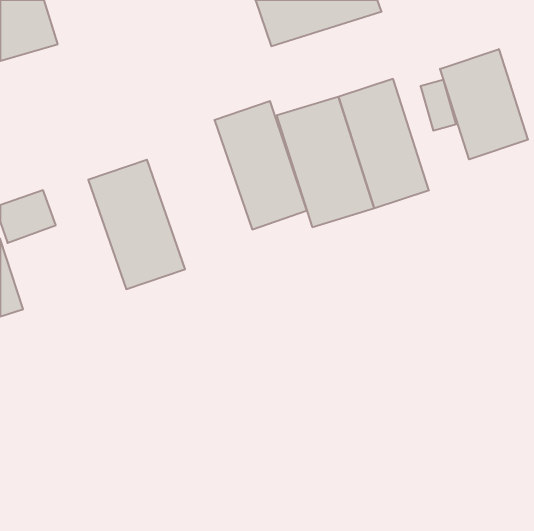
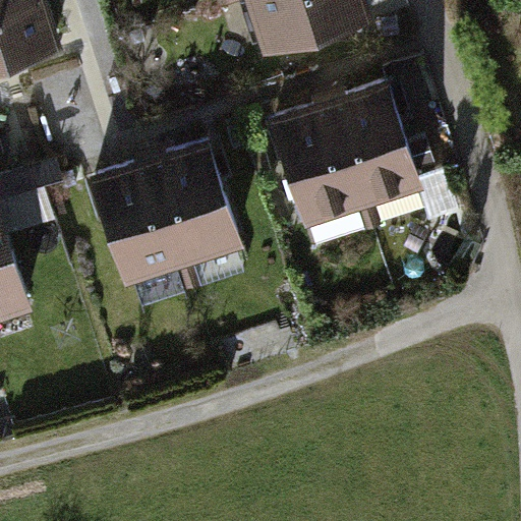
building: [440,49,528,159] -> none
building: [214,101,307,229] -> [146,142,235,267]

